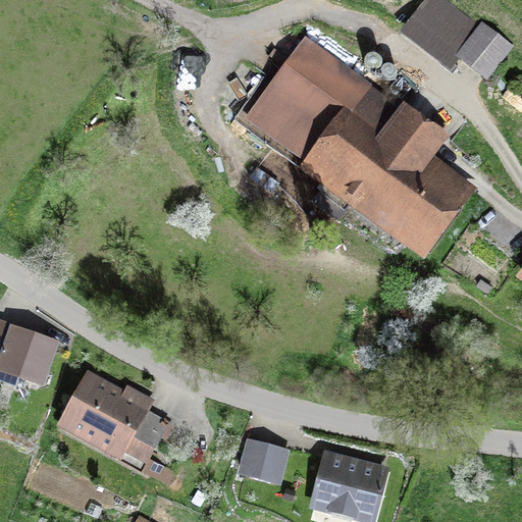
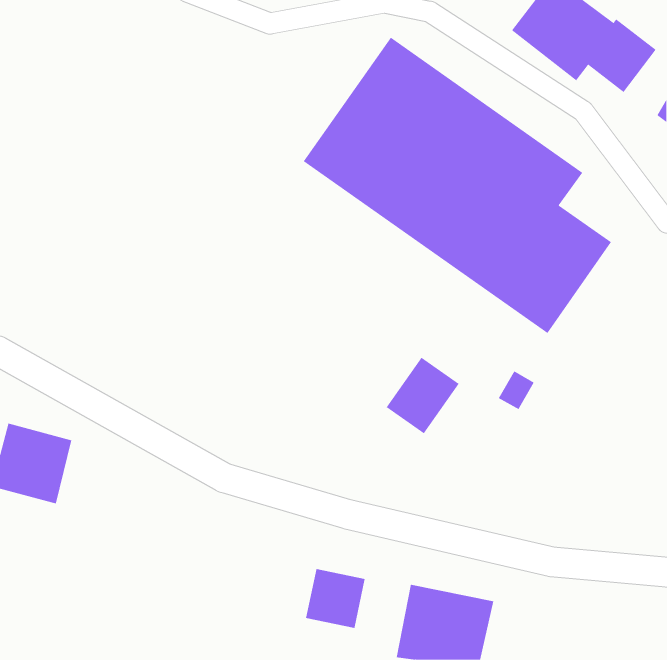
building: none -> [386,357,460,434]
building: [59,375,167,469] -> none

